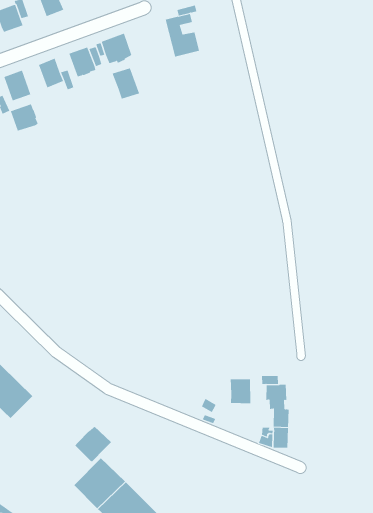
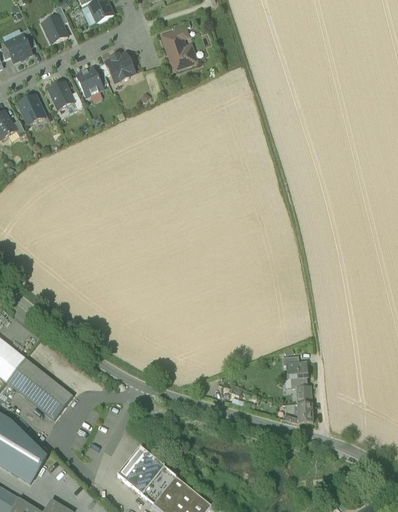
building: [112,67,140,100] -> none
building: [10,104,38,132] -> none
building: [230,378,251,404] -> none
building: [75,426,112,462] -> none

